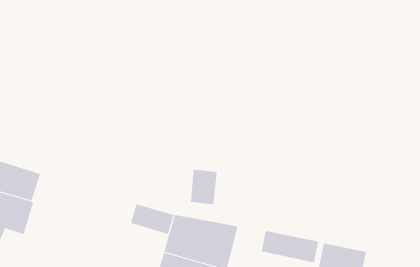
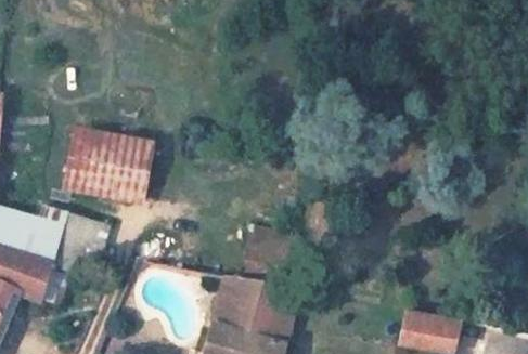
building: none -> [61,140,150,198]
building: [131,203,174,235] -> none
building: [261,230,319,263] -> none

